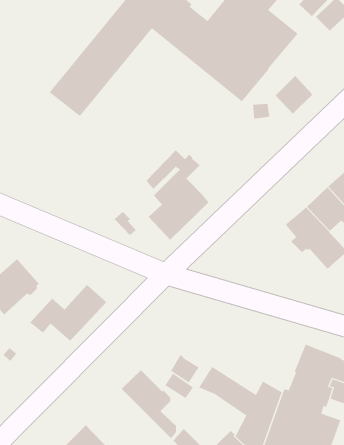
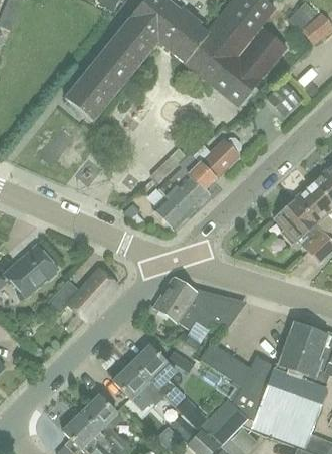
building: none -> [189,139,239,189]
building: none -> [155,280,242,330]
building: none -> [111,362,163,404]

